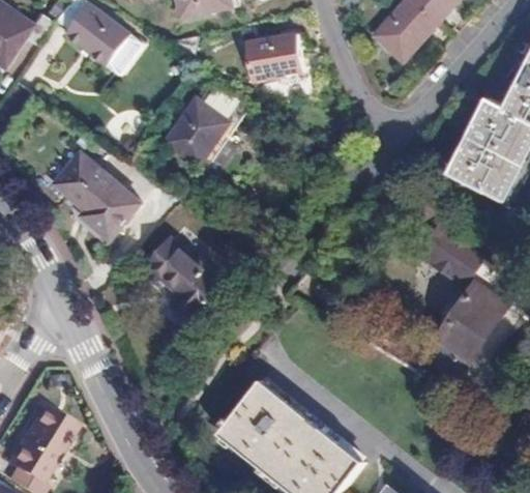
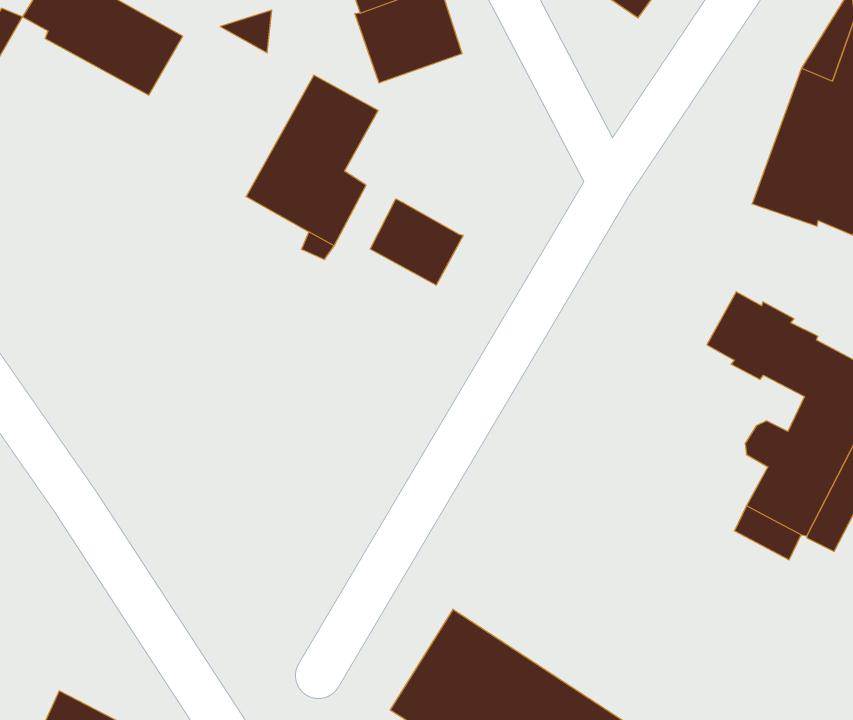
building: none -> [370,199,463,285]
building: [54,152,139,238] -> none
building: [146,239,226,323] -> none

